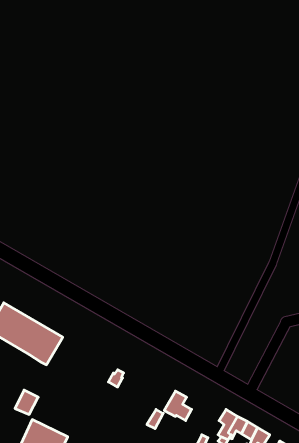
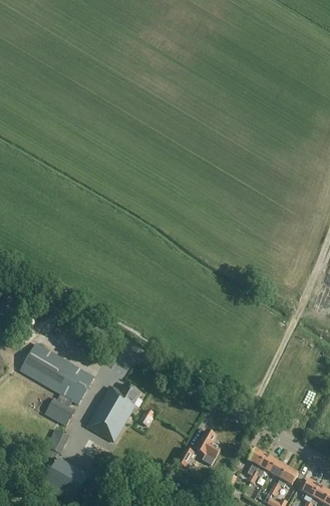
building: none -> [87,383,140,441]
building: none -> [44,394,74,425]

